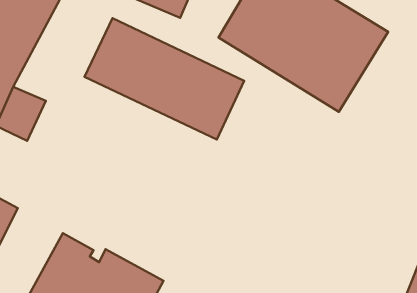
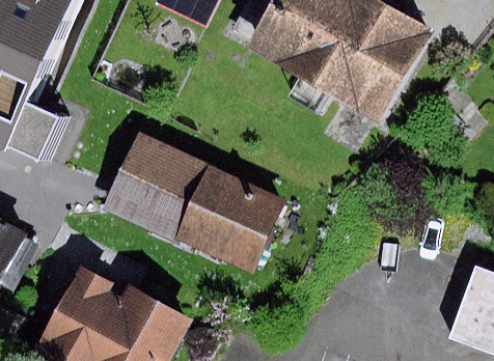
building: [84,18,244,140] -> [113,136,291,271]

